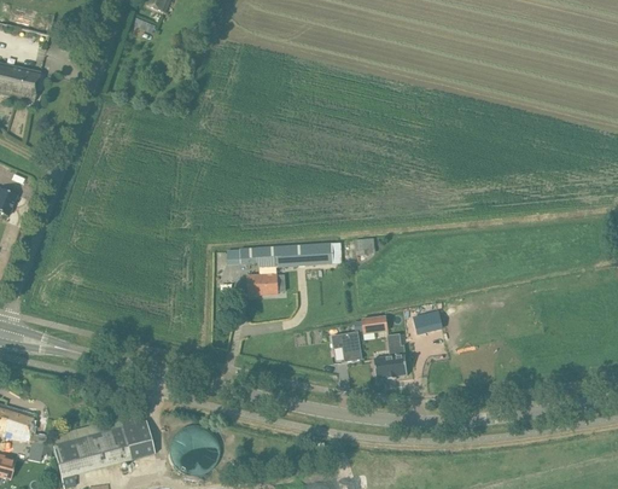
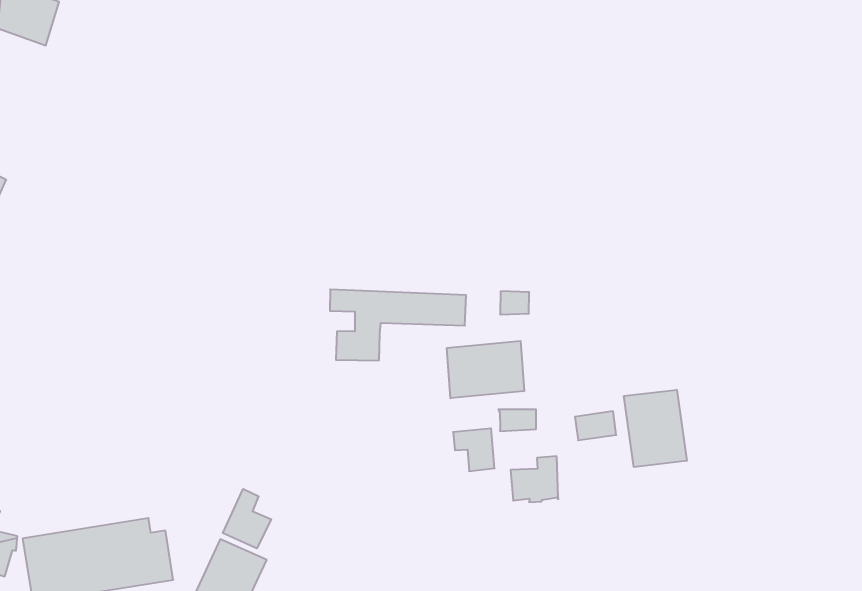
building: none -> [447,341,524,398]
building: none -> [624,390,687,467]
building: none -> [223,489,271,548]

